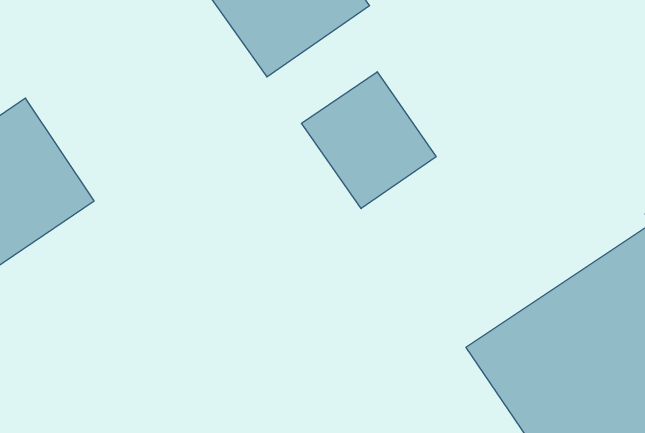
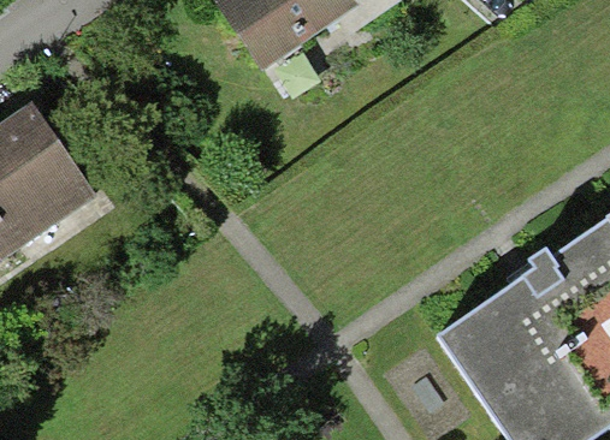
building: [301,72,436,209] -> none

